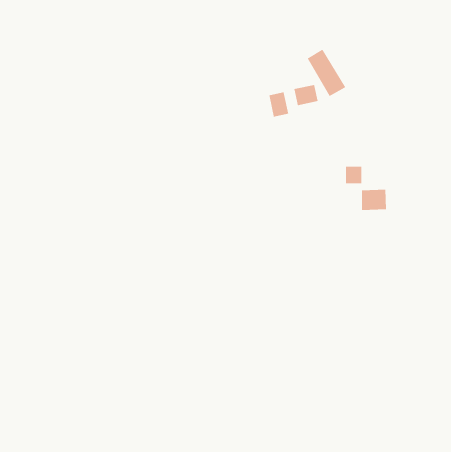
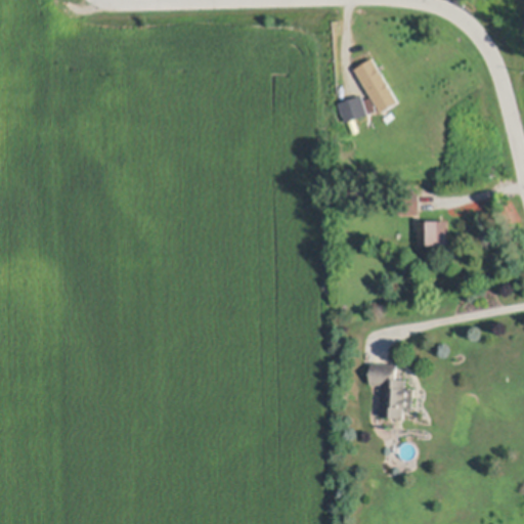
building: [269,92,289,117] -> none
building: none -> [367,364,413,419]

